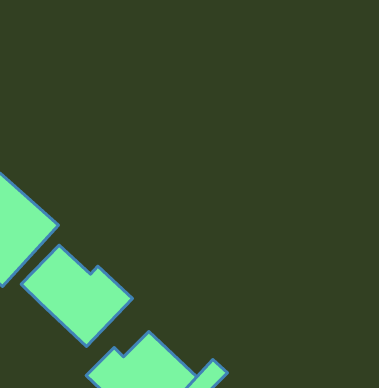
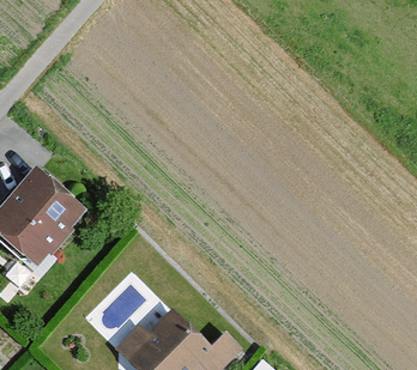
building: [21,245,132,347] -> none

